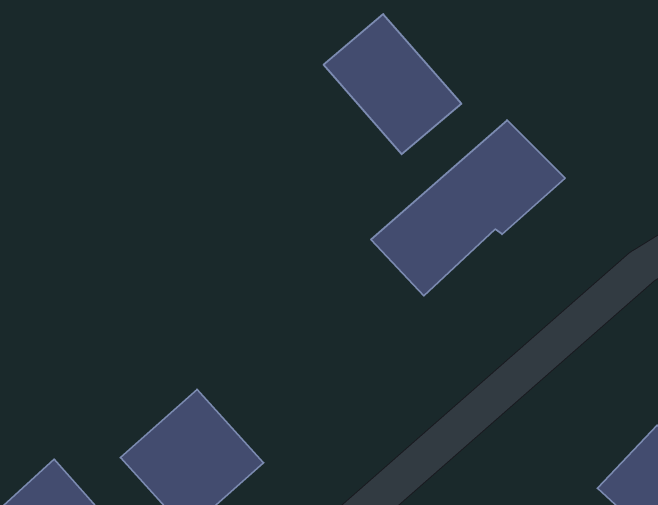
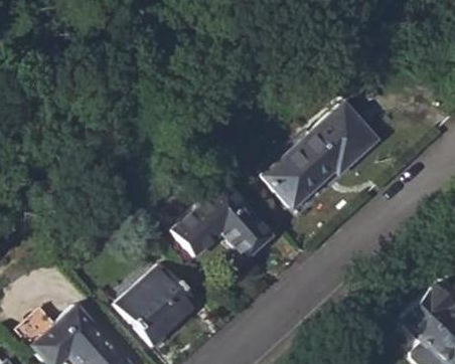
building: [324,14,461,154] -> none
building: none -> [172,182,272,259]

